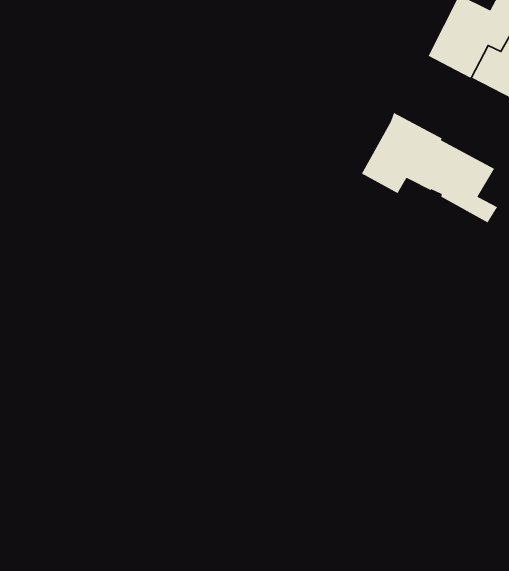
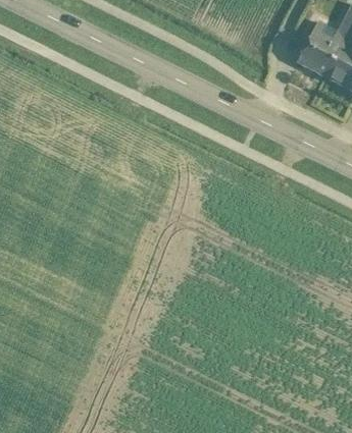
building: [361,112,498,224] -> none

